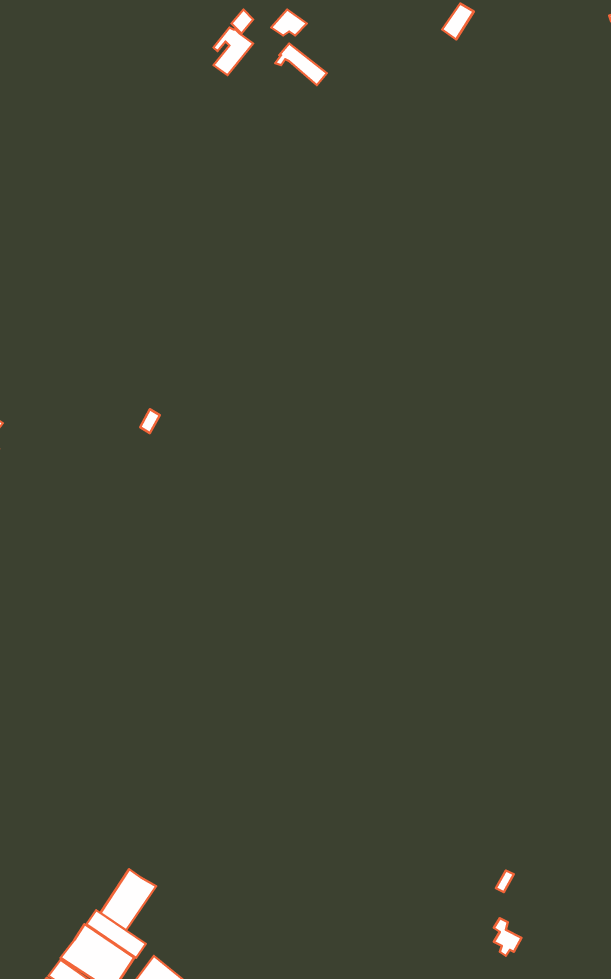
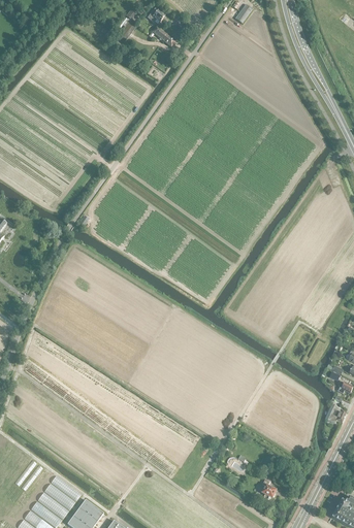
building: [100,869,156,930] -> none

